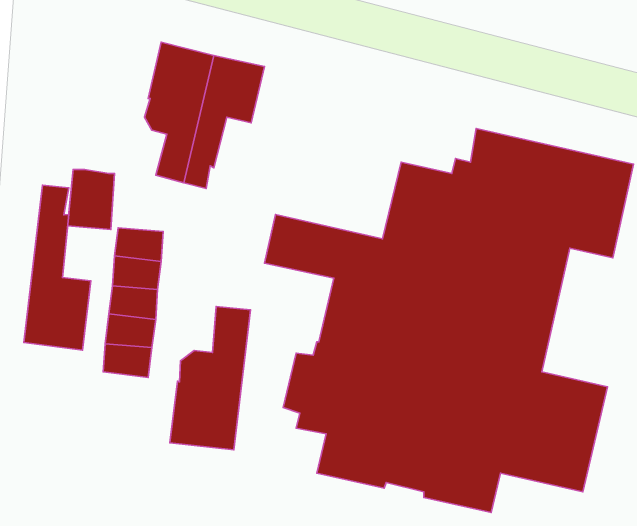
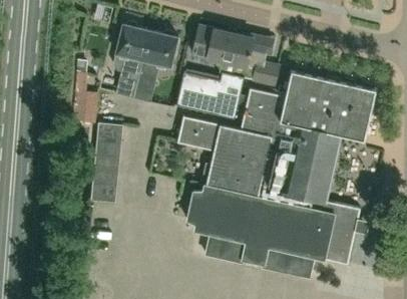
building: none -> [176,25,280,113]
building: [24,185,91,350] -> none
building: [170,307,251,450] -> none

